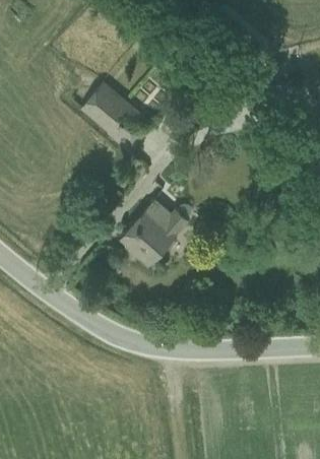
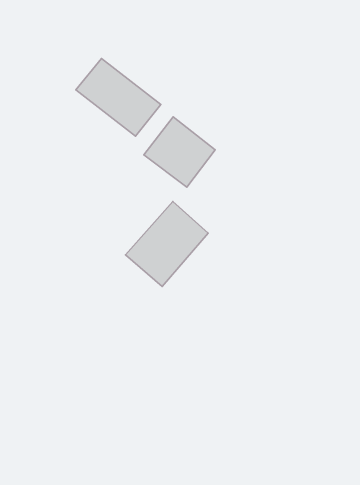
building: none -> [144,117,215,187]

